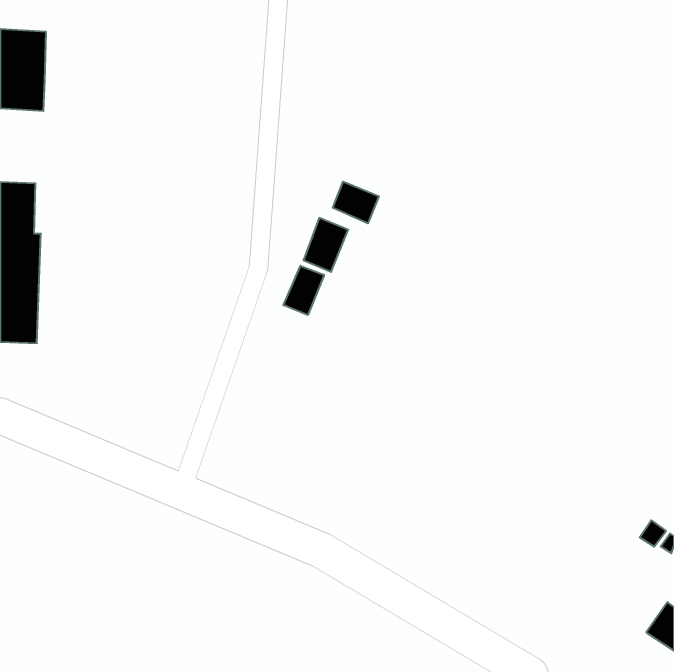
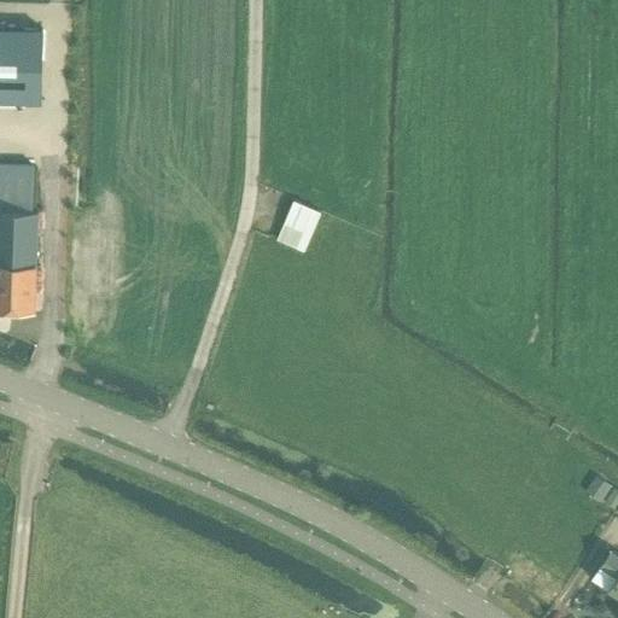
building: [333,182,379,223] -> none
building: [283,266,324,315] -> none

